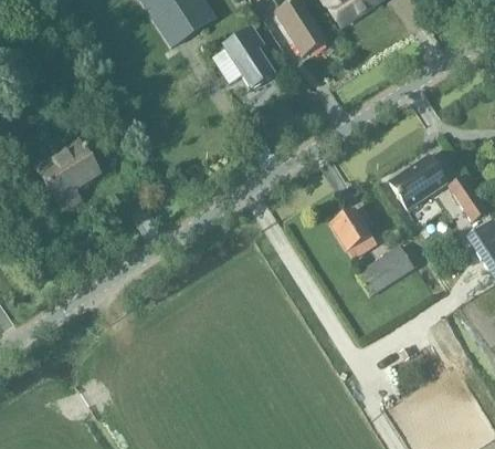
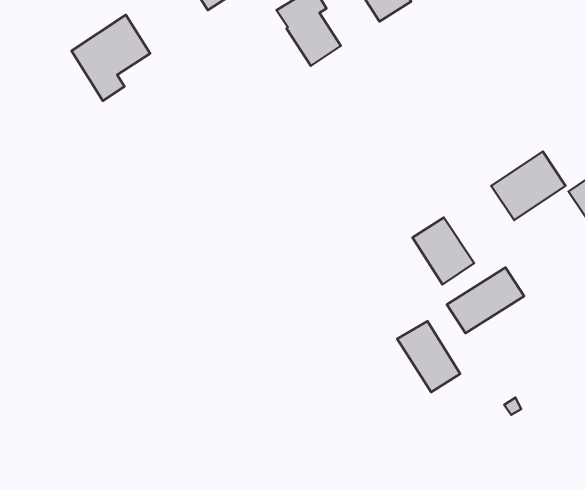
building: [35,144,96,210] -> [71,15,150,101]
building: none -> [397,321,460,392]

